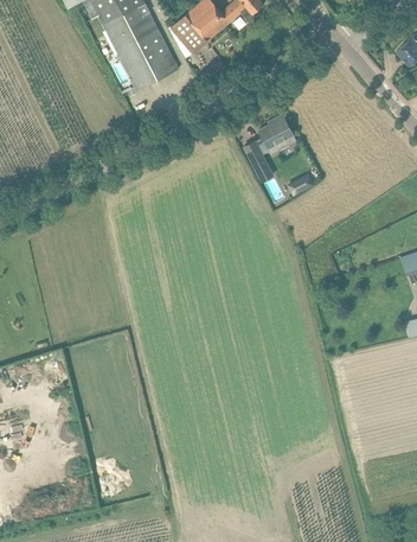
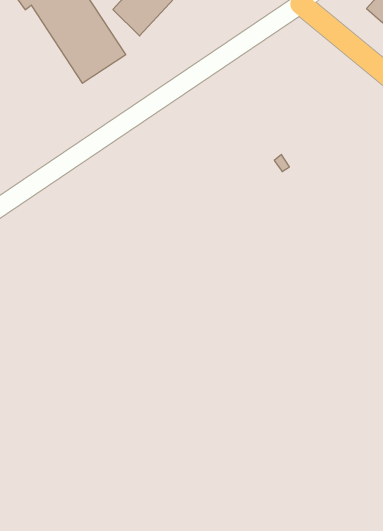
building: [244,114,296,172] -> none

